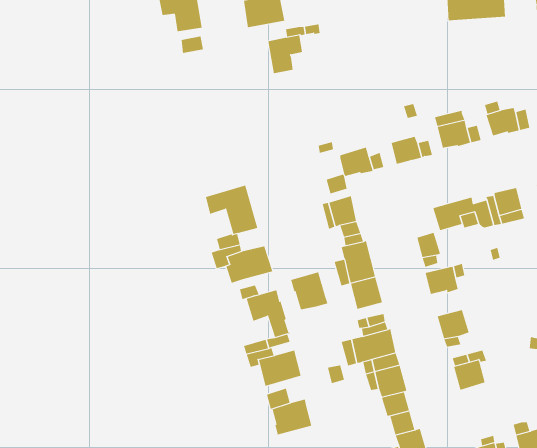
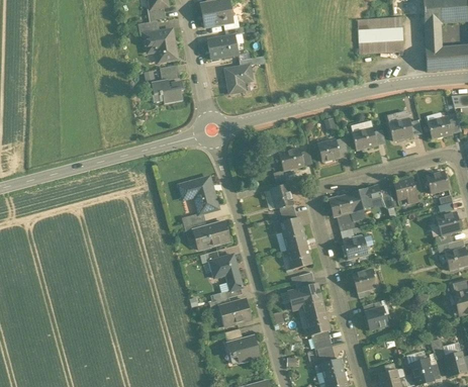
building: none -> [152,81,183,102]
building: none -> [329,194,354,216]
building: [290,271,328,310] -> none

